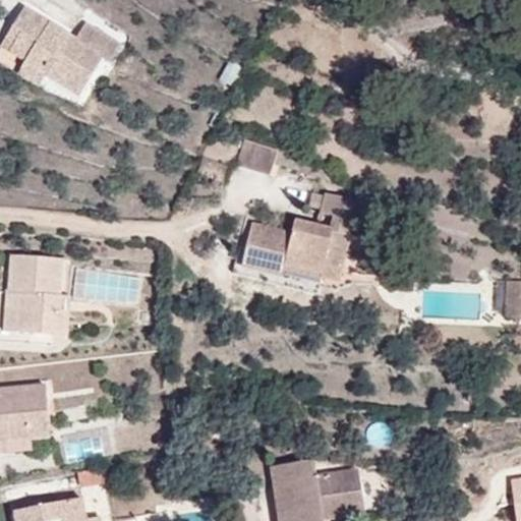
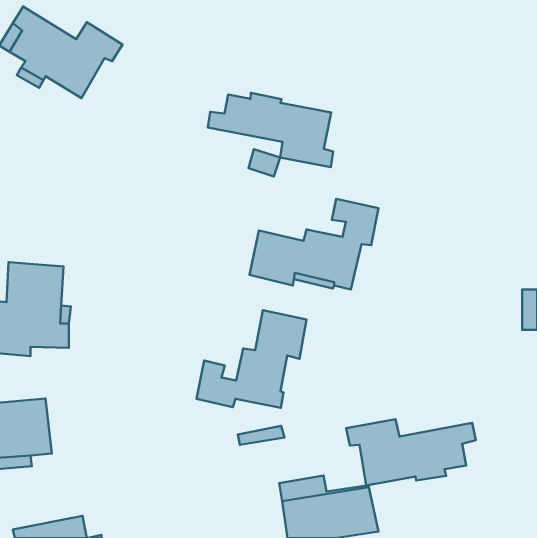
building: none -> [208,93,333,167]
building: none -> [196,310,307,408]
building: none -> [346,419,476,486]

